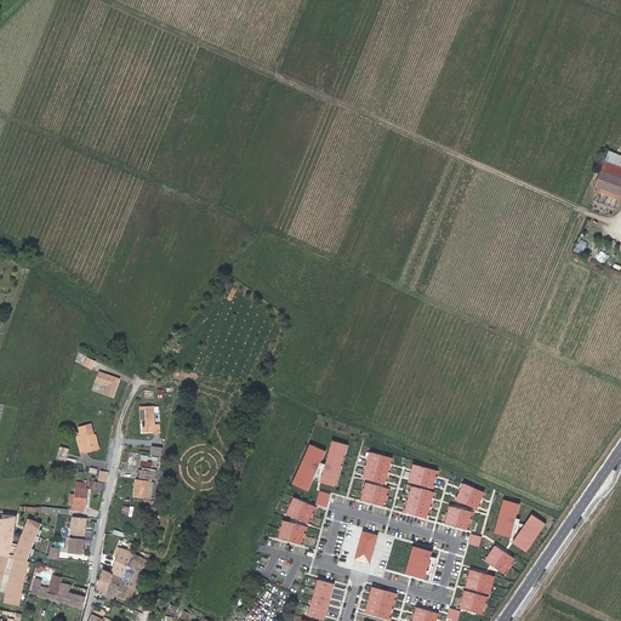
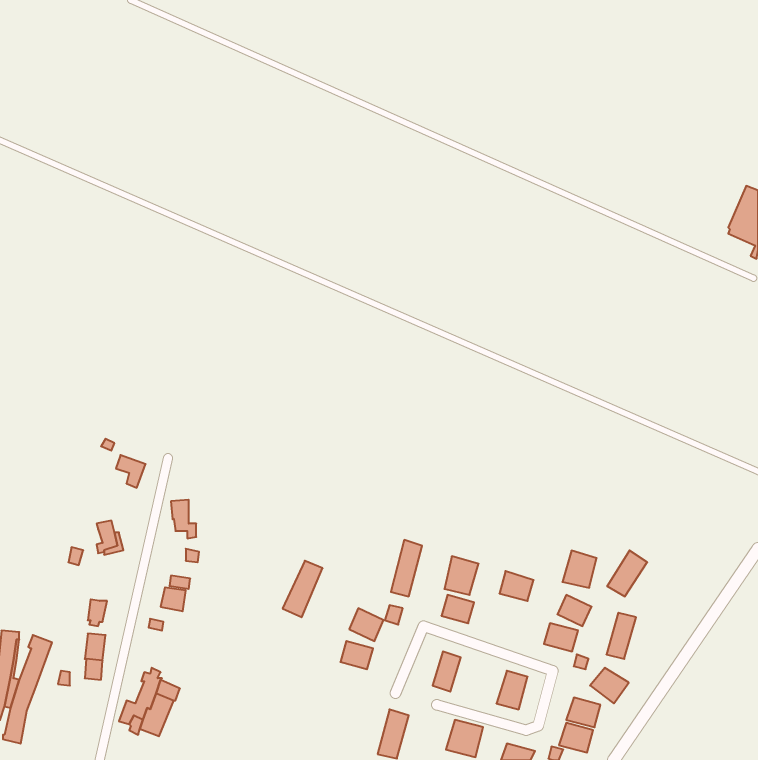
building: [291,444,324,490] -> [283,561,323,617]
building: [404,489,432,519] -> [562,551,597,588]
building: [512,514,545,552] -> [607,550,647,596]
building: [30,574,86,606] -> none

